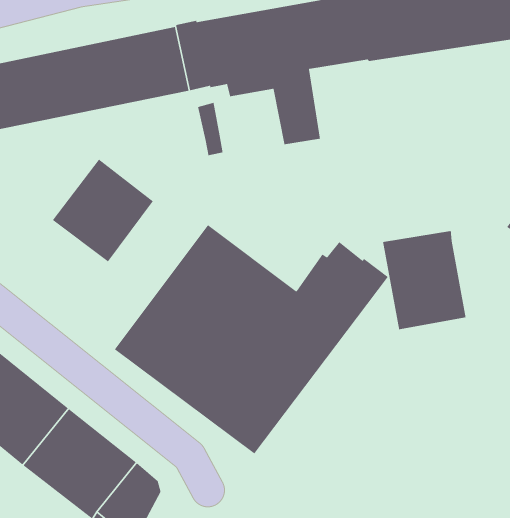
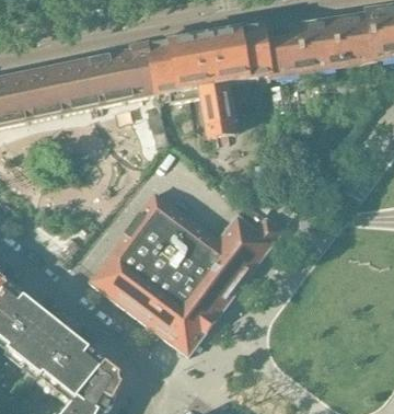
building: [52,158,154,263] -> none
building: [382,230,467,330] -> none

